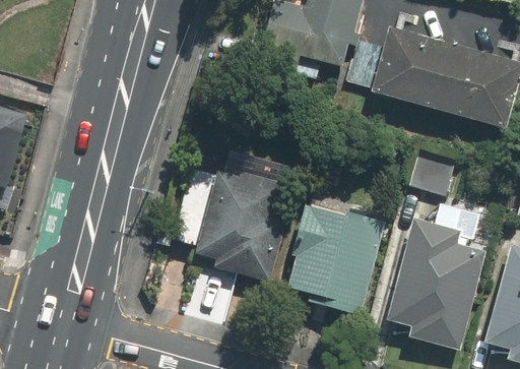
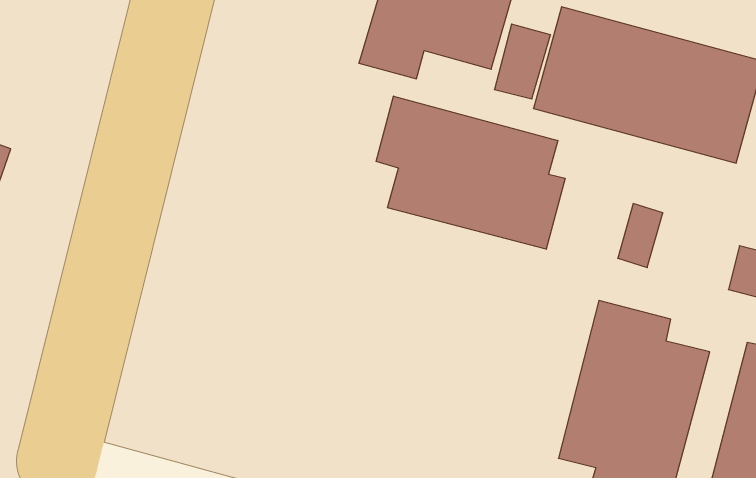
building: none -> [376,96,565,249]
building: [195,170,284,281] -> none
building: [286,205,384,313] -> none

